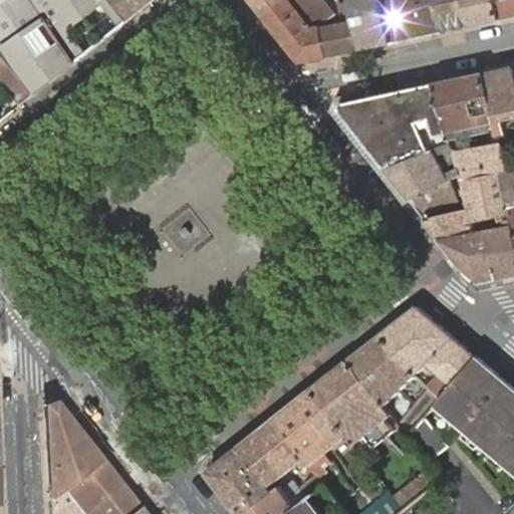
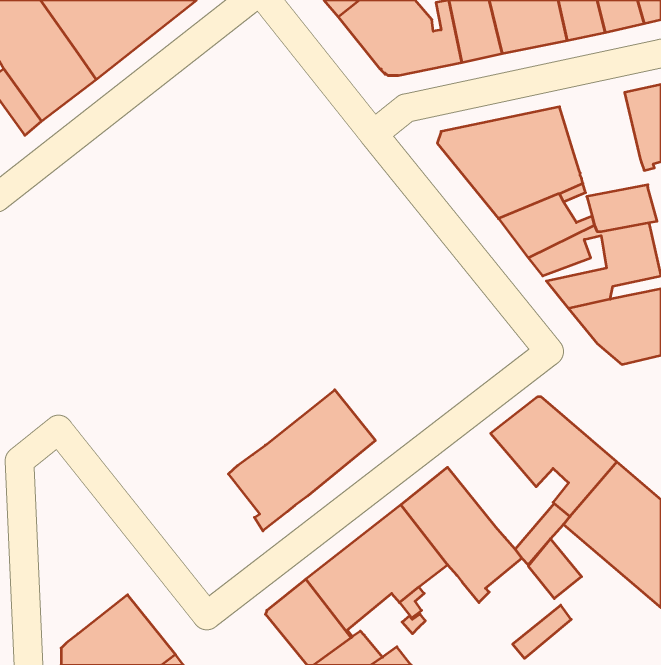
building: [432,71,495,136] -> none
building: none -> [228,390,375,531]
building: [345,334,414,407] -> none
building: [43,401,98,500] -> none

